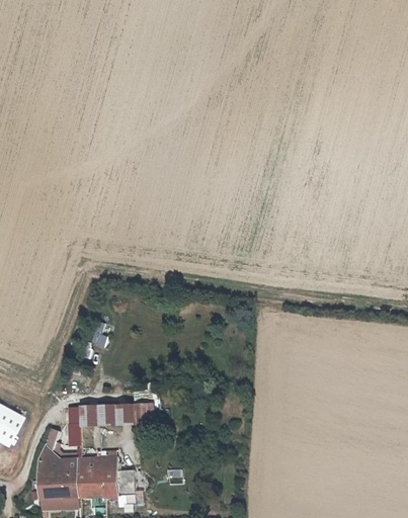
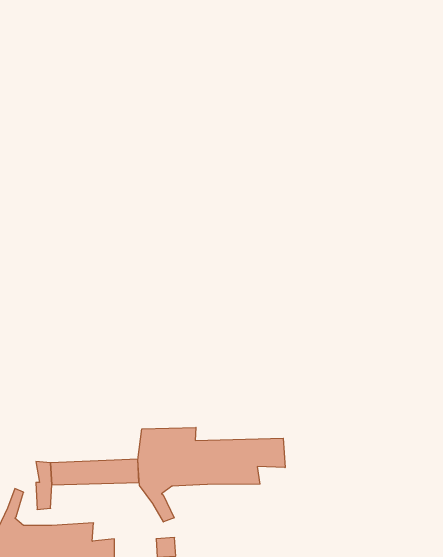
building: none -> [138,427,285,522]

